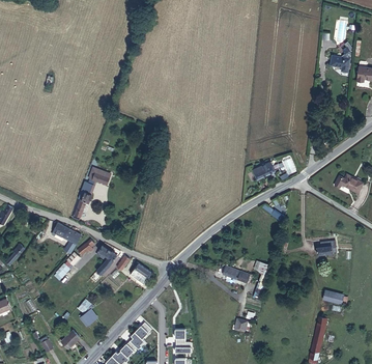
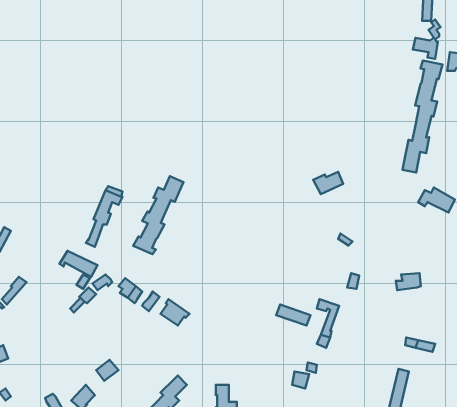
building: none -> [403,61,443,173]
building: none -> [133,176,183,254]

